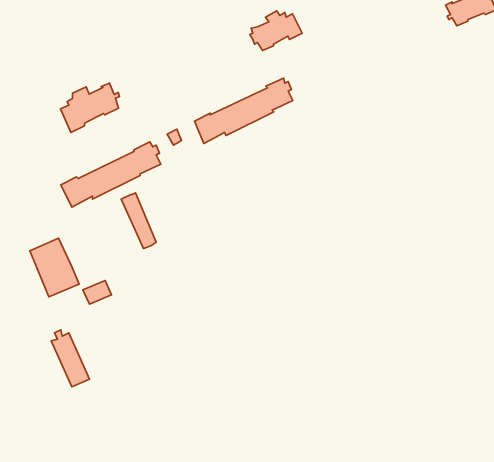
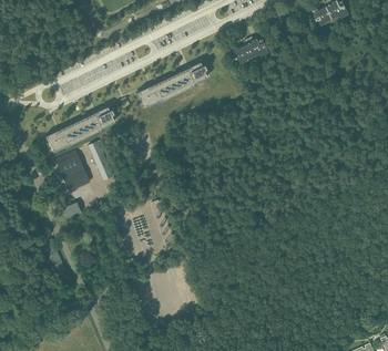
building: [250,11,302,51] -> [233,37,269,64]
building: [60,83,120,132] -> none
building: [30,238,79,297] -> [55,151,90,192]

